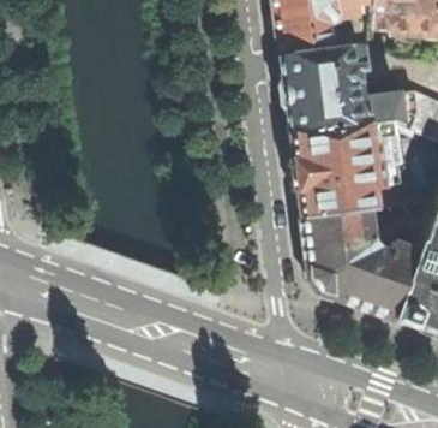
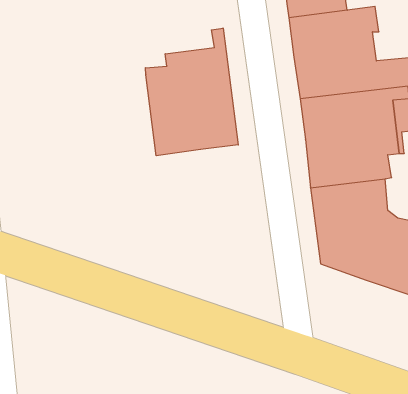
building: none -> [145,28,238,156]

